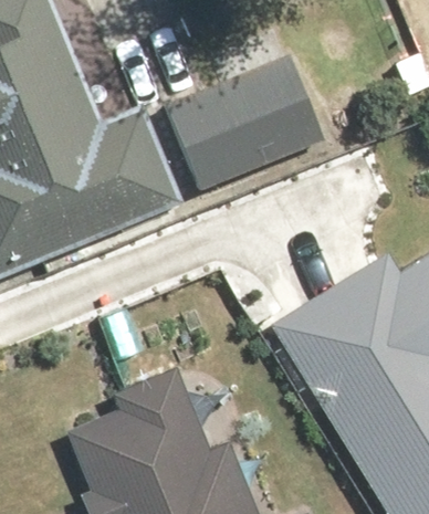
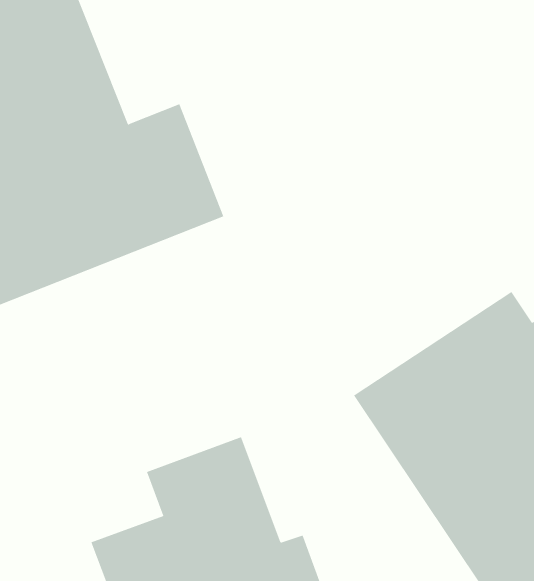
building: [165,53,333,193] -> none

